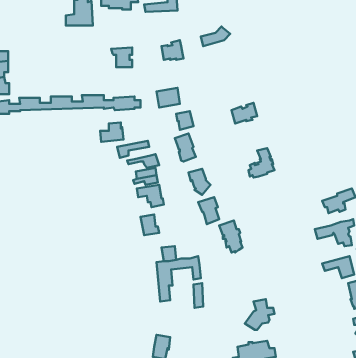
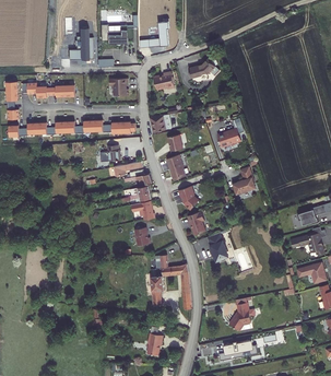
building: none -> [27,83,75,98]

